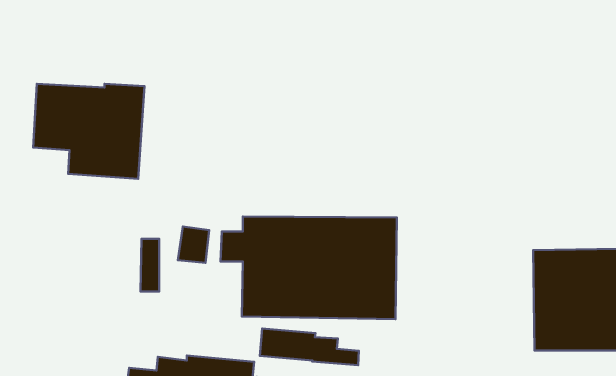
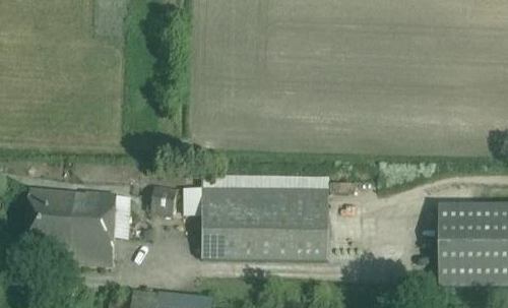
building: [33,84,144,179] -> [25,190,116,267]
building: [260,328,359,365] -> none

